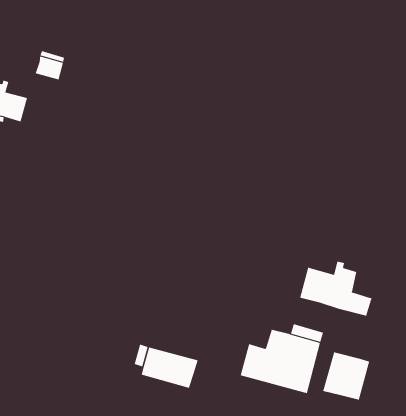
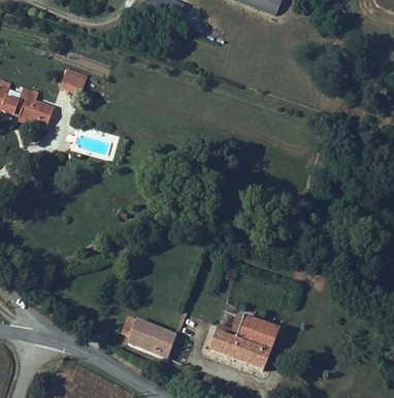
building: [300,261,372,316] -> none
building: [323,351,370,400] -> none

